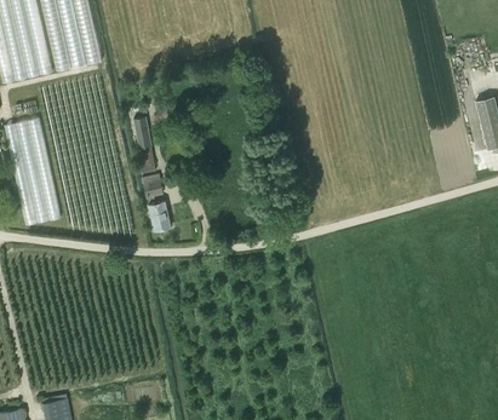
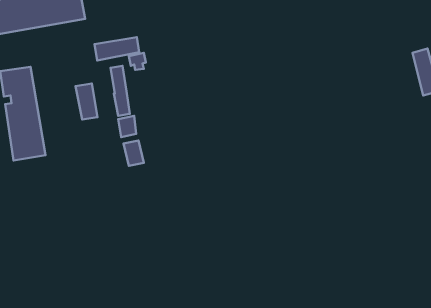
building: none -> [94,37,139,60]
building: none -> [76,83,97,119]

